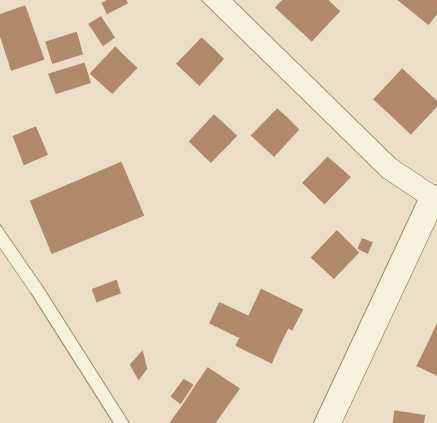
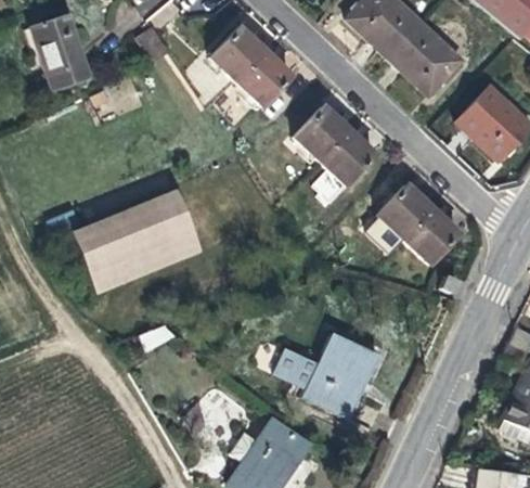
building: none -> [389,22,463,95]
building: [45,31,83,65] -> none
building: [89,46,138,95] -> [210,25,266,80]
building: [188,113,238,164] -> [294,104,350,160]
building: [12,126,49,166] -> none
building: [310,229,360,280] -> [403,207,460,264]

